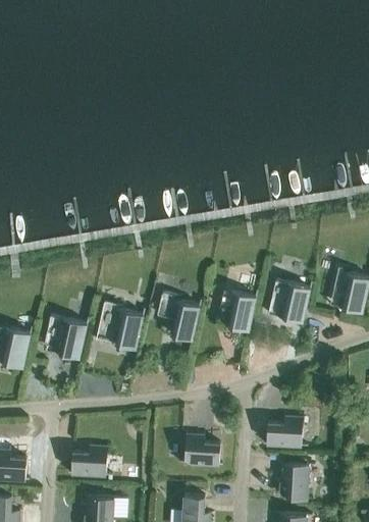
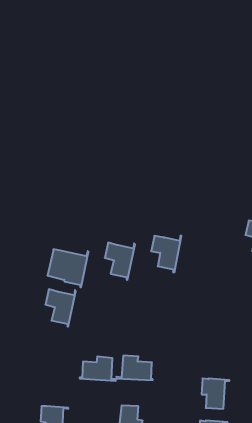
building: [267,280,311,325] -> none
building: [50,317,87,362] -> [45,289,76,326]
building: [263,418,307,447] -> none
building: [67,447,111,476] -> [80,356,116,381]

